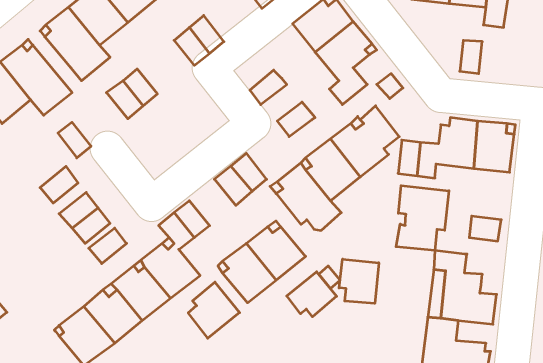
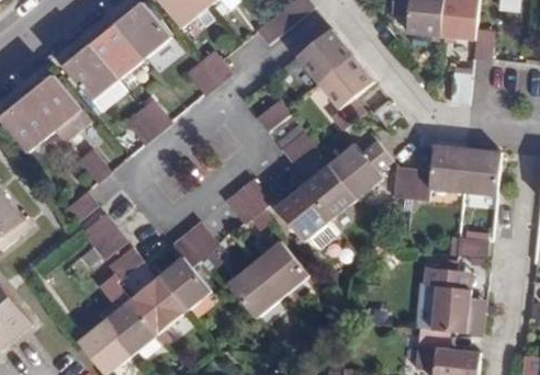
building: [396,186,449,251] -> none
building: [339,259,379,303] -> none
building: [287,272,337,317] -> none
building: [188,282,240,338] -> none

